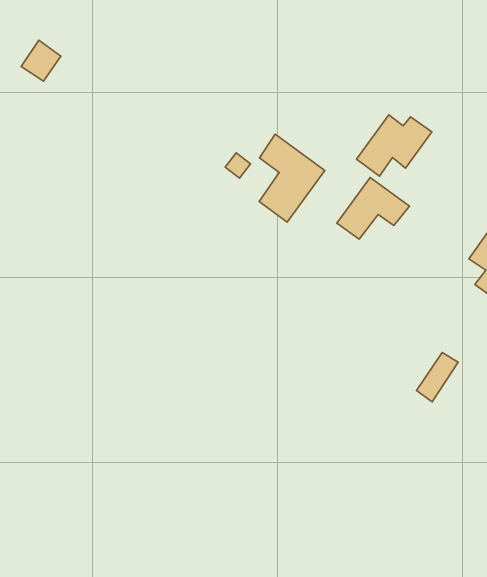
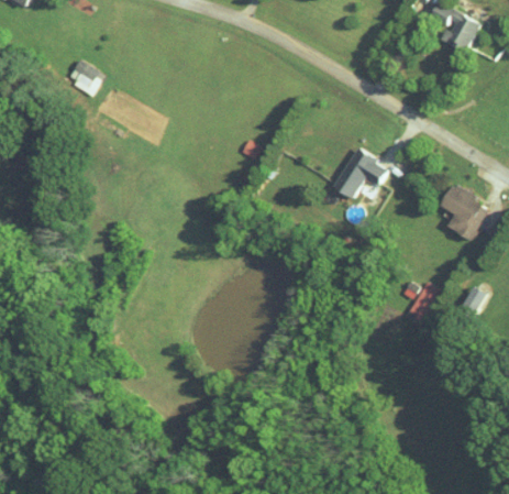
building: [356,115,432,176] -> none
building: [259,134,325,222] -> none

